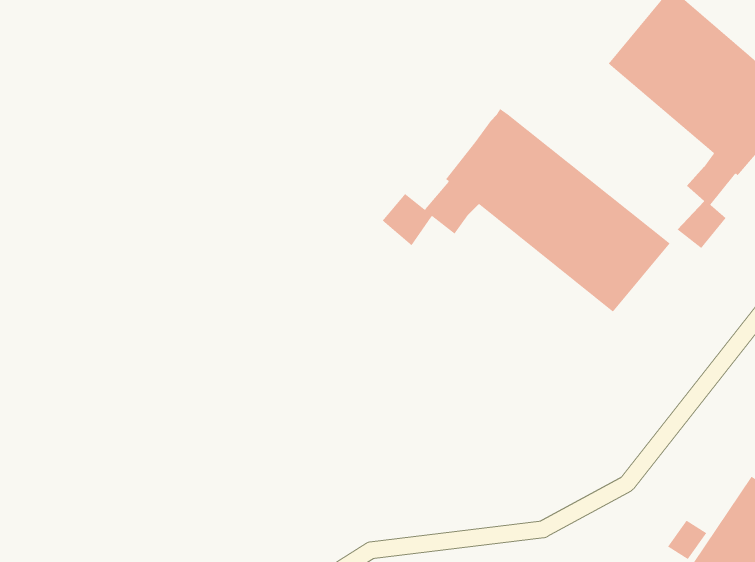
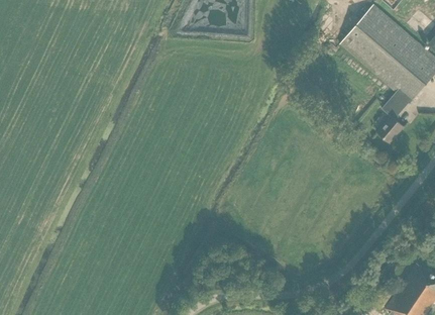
building: [382,108,670,313] -> none

